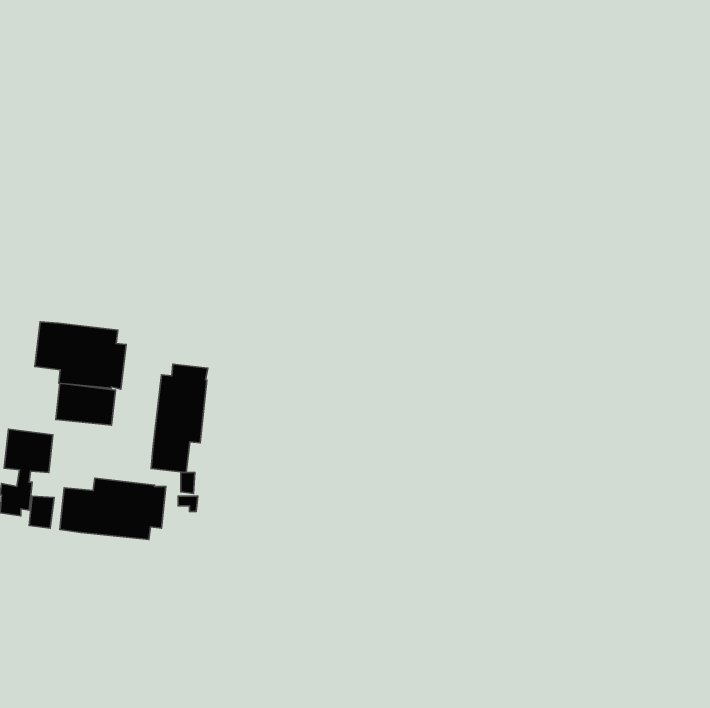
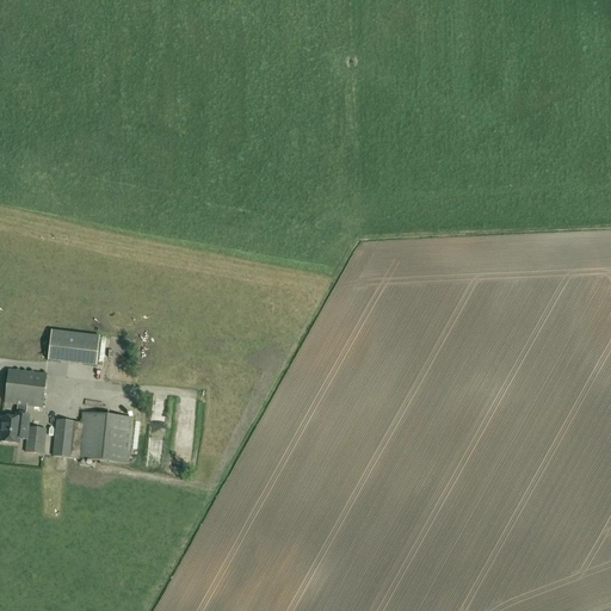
building: [35,322,126,389] -> none
building: [151,364,208,472] -> none

